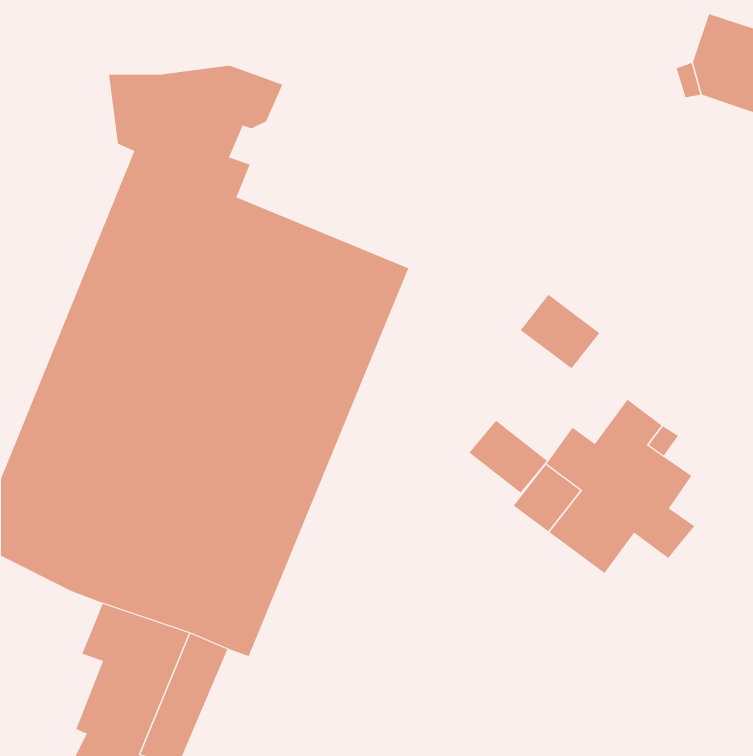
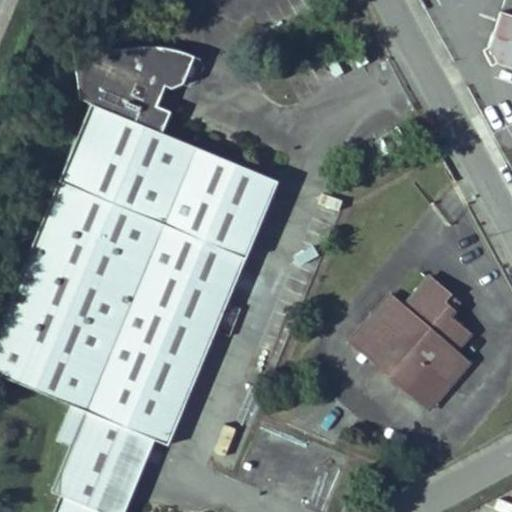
building: [520,294,600,369] -> none
building: [469,420,548,494] -> none
building: none -> [411,361,454,404]

